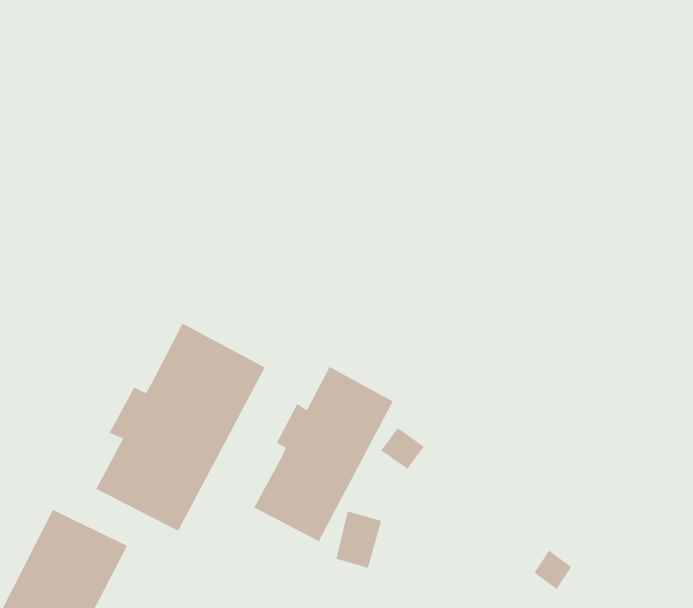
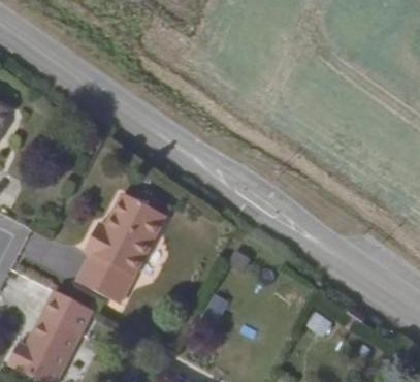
building: [253,366,394,542] -> none

